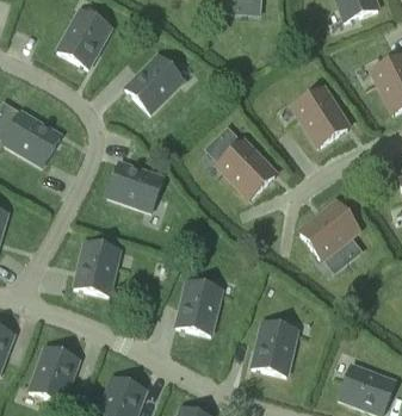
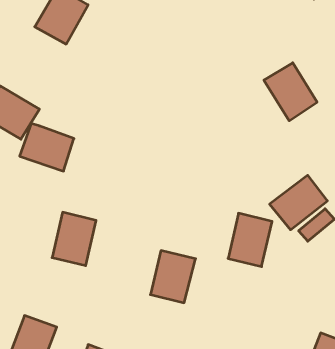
building: [125,52,185,111] -> none
building: [218,137,277,197] -> none
building: [107,160,163,209] -> [20,124,74,171]
building: [253,318,298,373] -> [228,213,272,267]

